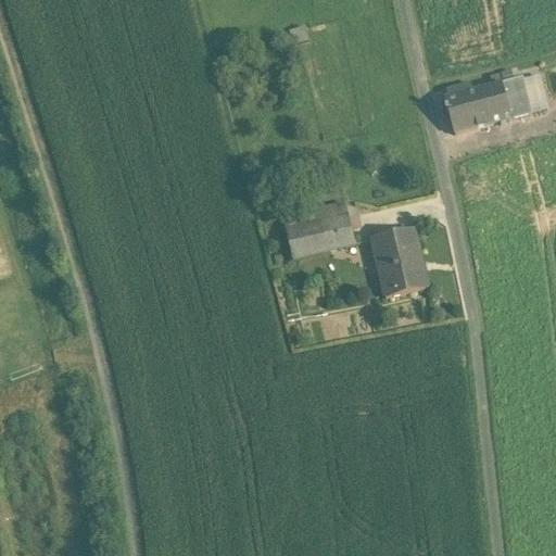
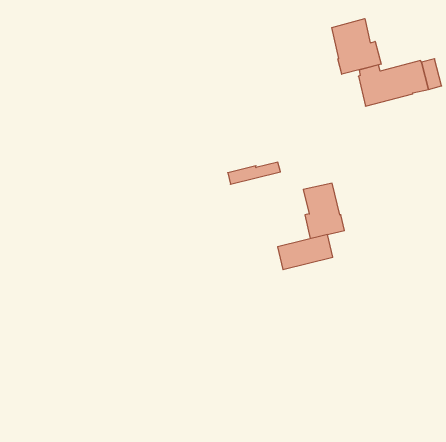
building: none -> [332,19,381,74]
building: [286,213,354,256] -> [278,235,333,270]

